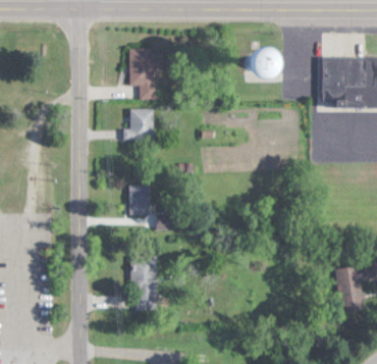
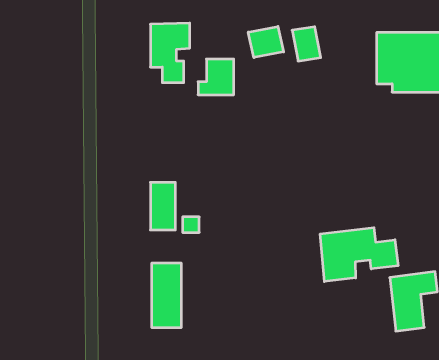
building: none -> [248,26,284,58]
building: [123,109,154,140] -> [198,59,234,95]
building: none -> [320,228,398,282]

